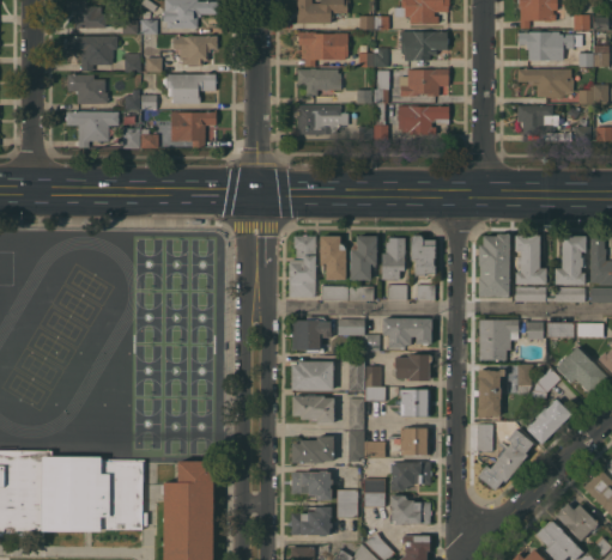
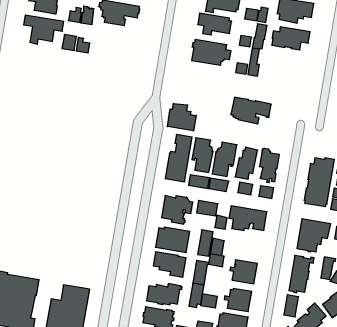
building: [398,105,449,135] -> [231,97,271,124]
building: [171,111,217,147] -> none
building: none -> [167,103,196,131]
building: [394,354,429,381] -> none

